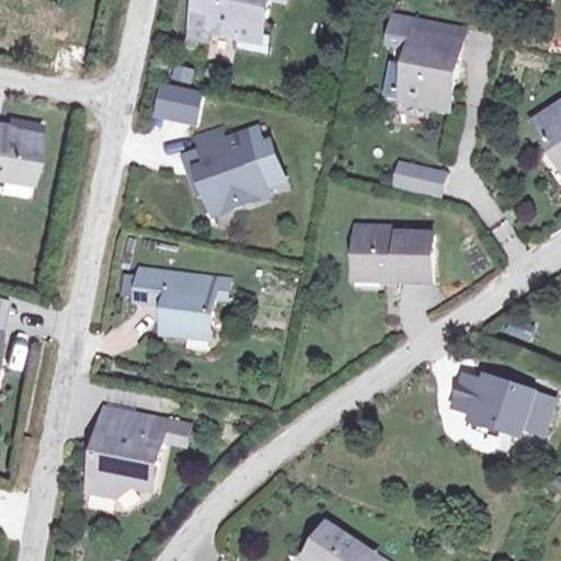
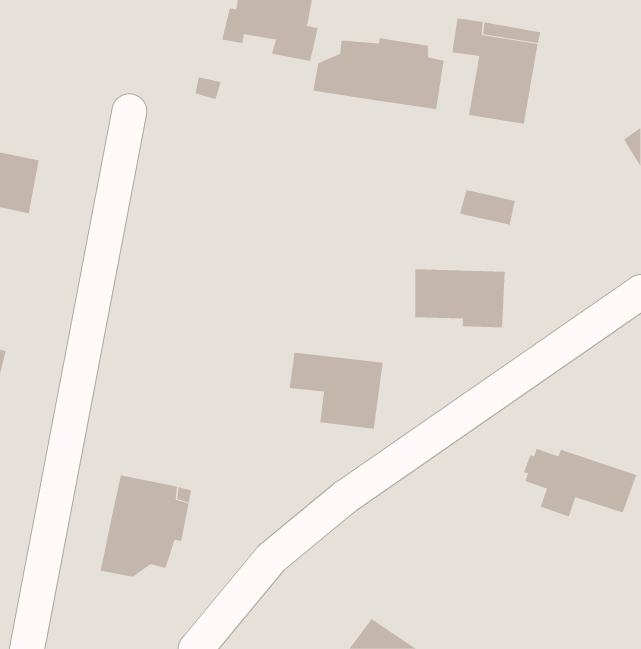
building: none -> [313,37,444,110]
building: [151,82,199,128] -> none
building: [196,127,278,213] -> none
building: [134,266,215,332] -> [289,352,383,429]

